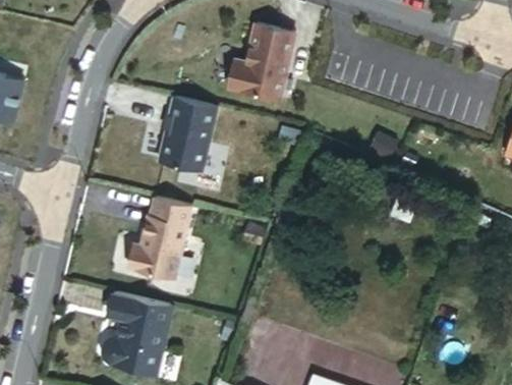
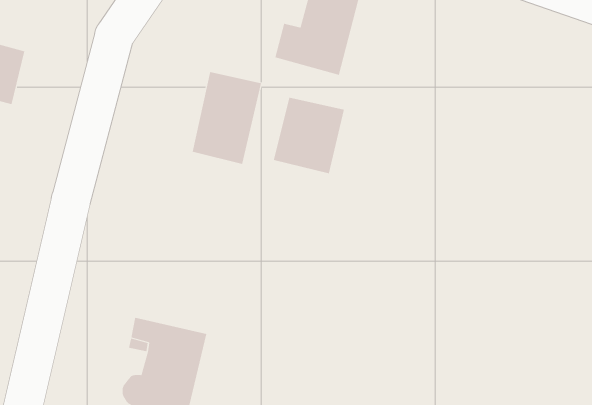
building: none -> [273,97,344,174]
building: [129,197,192,278] -> none

